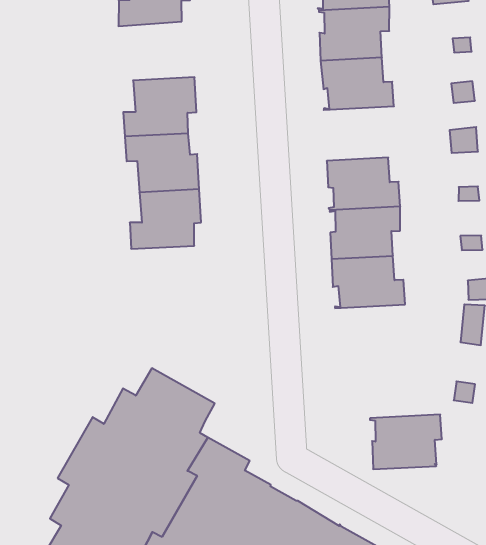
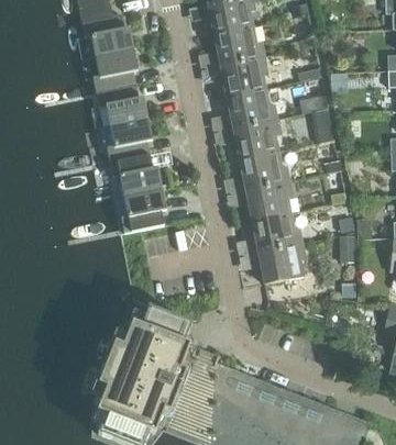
building: none -> [96,85,148,126]
building: none -> [233,119,280,159]
building: [370,415,442,469] -> [258,243,306,283]

